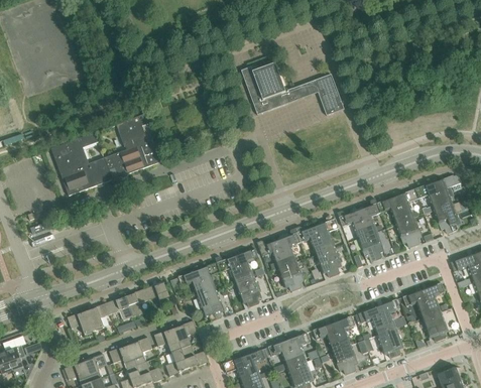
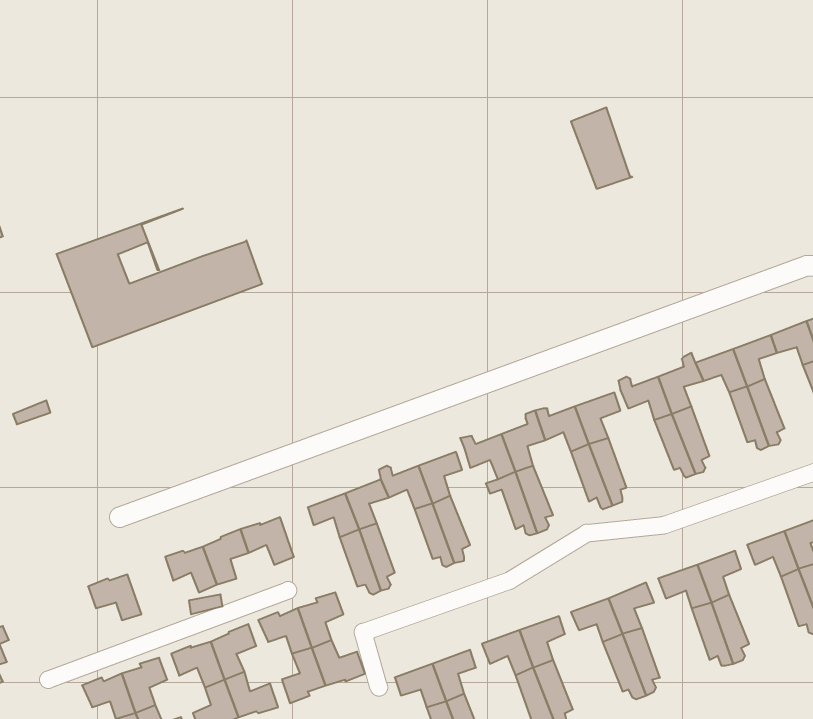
building: [242,62,297,114] -> none
building: [116,112,151,148] -> none
building: [88,301,111,331] -> none

